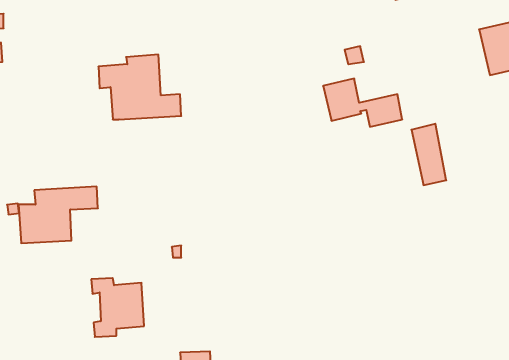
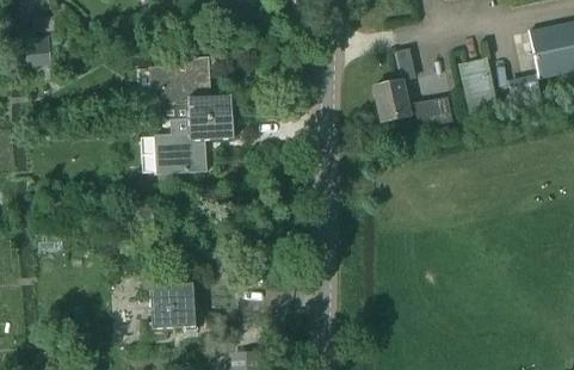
building: [411,124,446,185] -> [459,57,494,118]
building: [19,187,98,243] -> [154,117,233,173]

